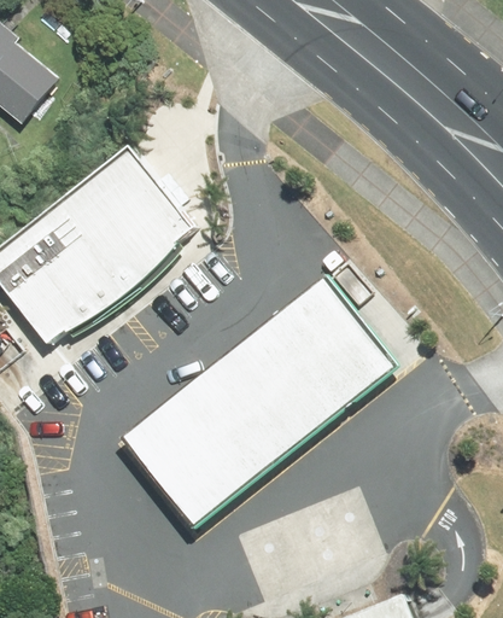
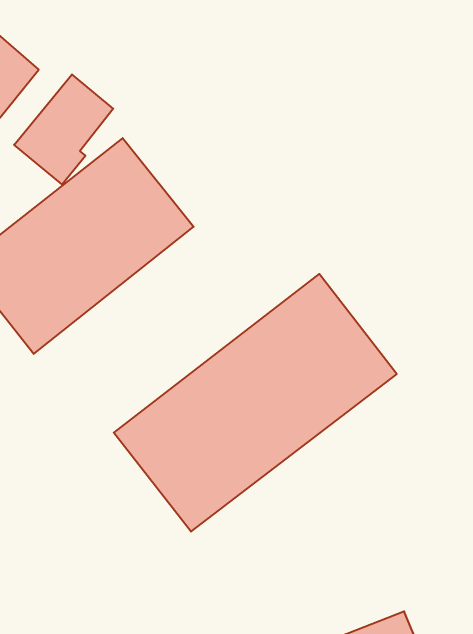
building: none -> [14,74,113,184]

